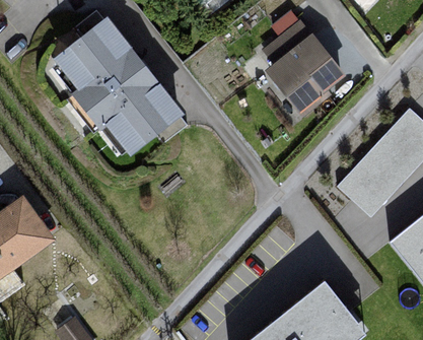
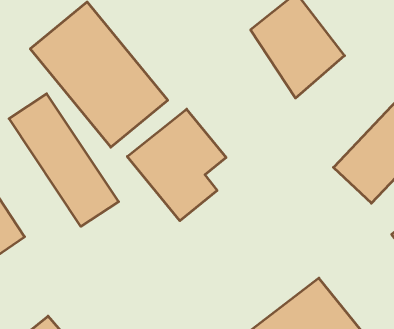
building: none -> [9,94,119,226]
building: none -> [127,109,226,221]

